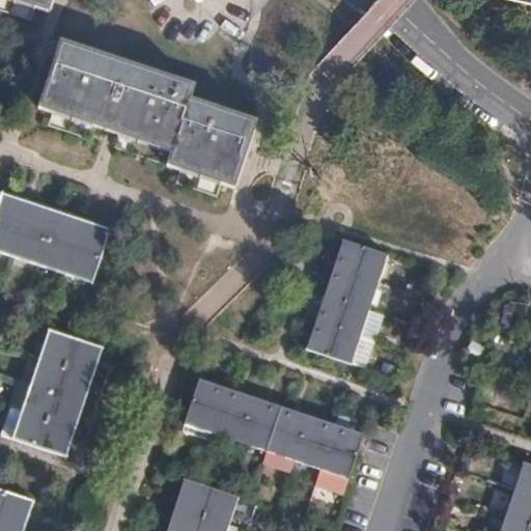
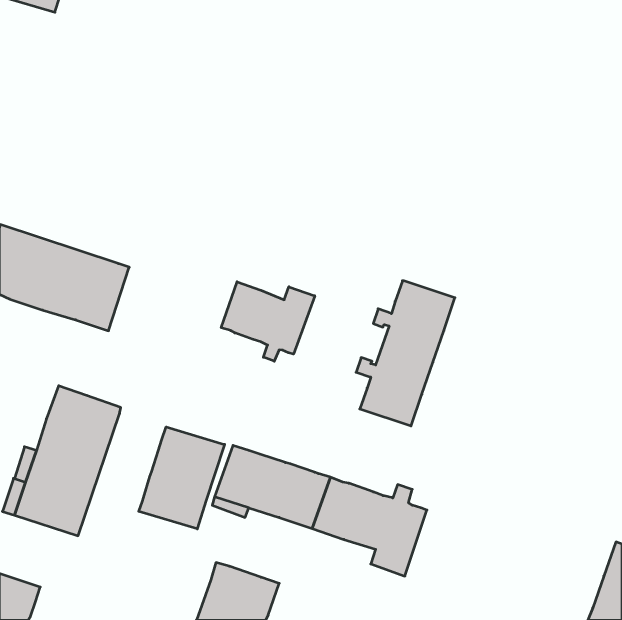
building: [38,41,255,186] -> none
building: none -> [221,282,315,361]
building: none -> [139,427,225,529]

